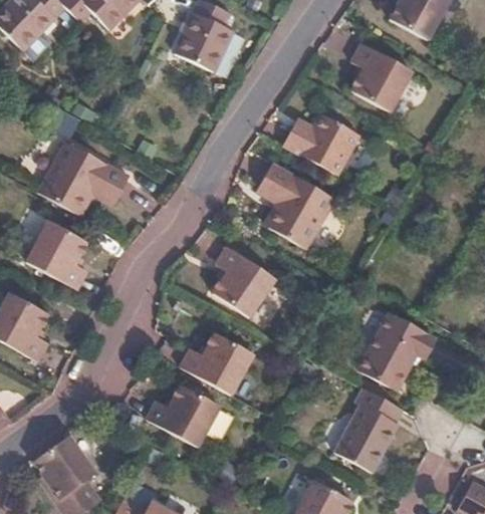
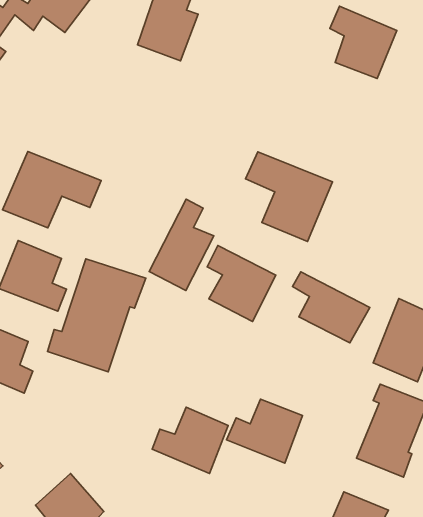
building: [283,105,363,176] -> none
building: none -> [149,199,214,290]
building: none -> [47,259,146,372]
building: none -> [293,272,370,343]
building: [181,333,252,394] -> [227,399,303,463]

